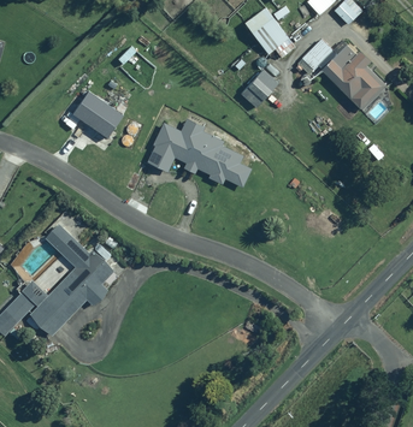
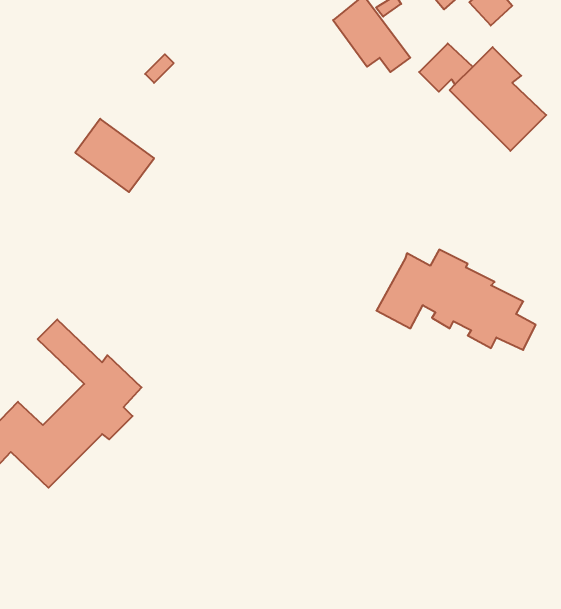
building: [240,67,279,108] -> none
building: [144,120,252,188] -> [376,250,536,350]

